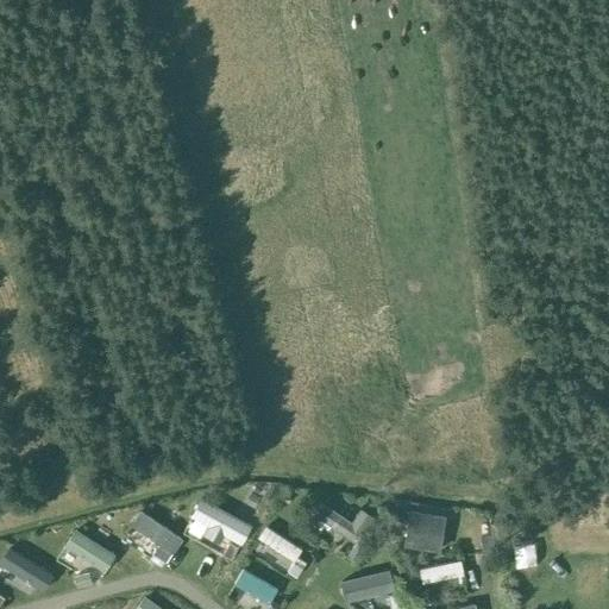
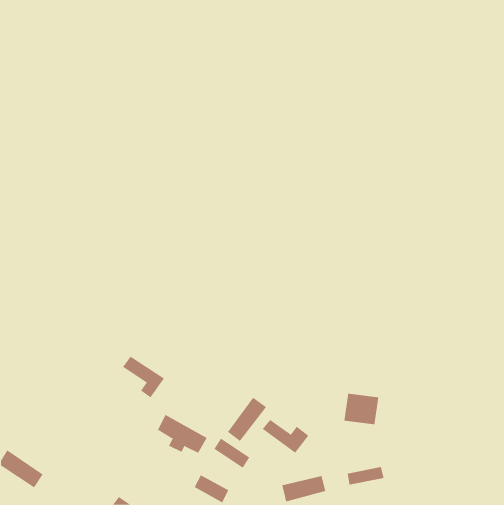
building: none -> [227,397,267,442]
building: [131,513,182,564] -> [122,356,165,398]
building: [403,514,446,552] -> [344,393,379,425]
building: [62,529,115,575] -> none

